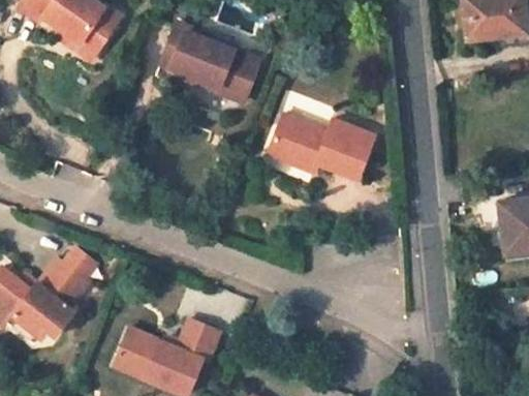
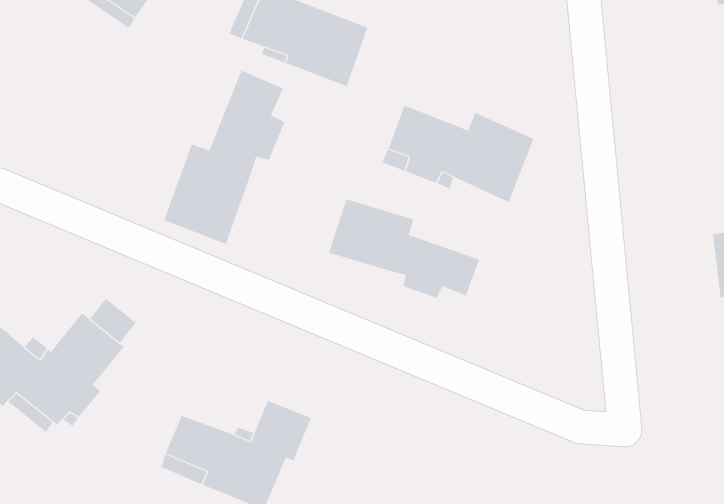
building: none -> [164,70,285,245]
building: none -> [328,198,480,299]

